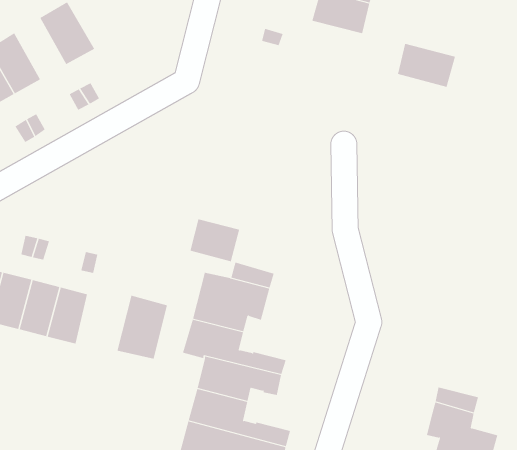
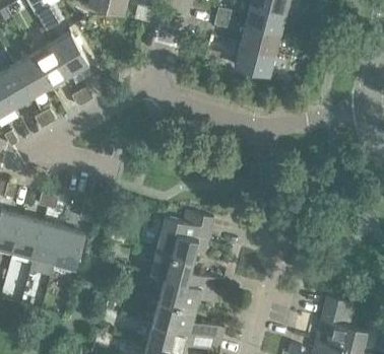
building: none -> [34,44,69,86]
building: [397,43,456,87] -> [234,46,274,76]
building: [190,219,240,262] -> none
building: [117,295,168,360] -> none

